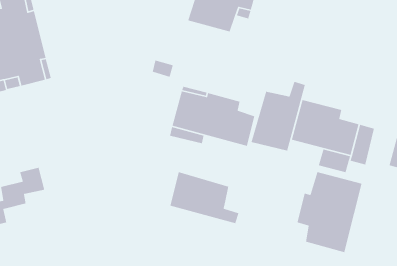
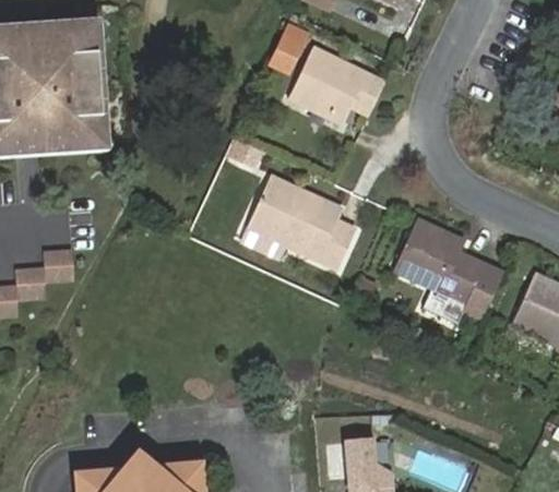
building: [251,81,306,152] -> none
building: [296,171,363,253] -> none
building: [170,171,239,224] -> none

